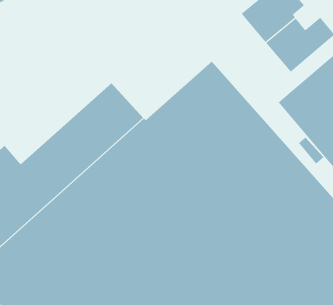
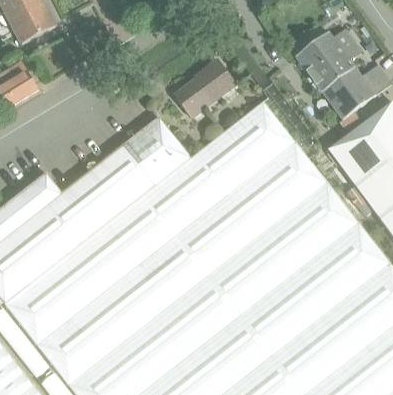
building: none -> [175,63,234,119]

